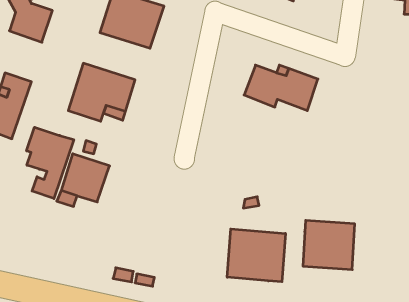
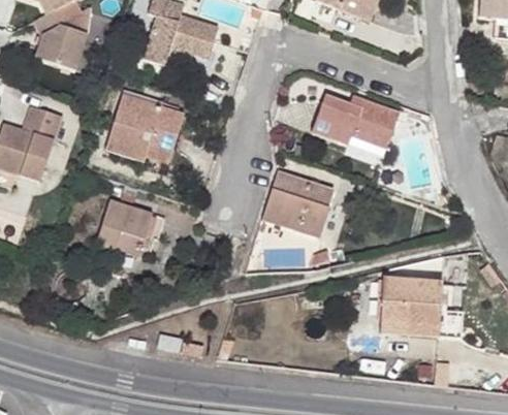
building: [27,127,74,199] -> none
building: none -> [264,171,334,235]
building: [227,229,285,282] -> none

